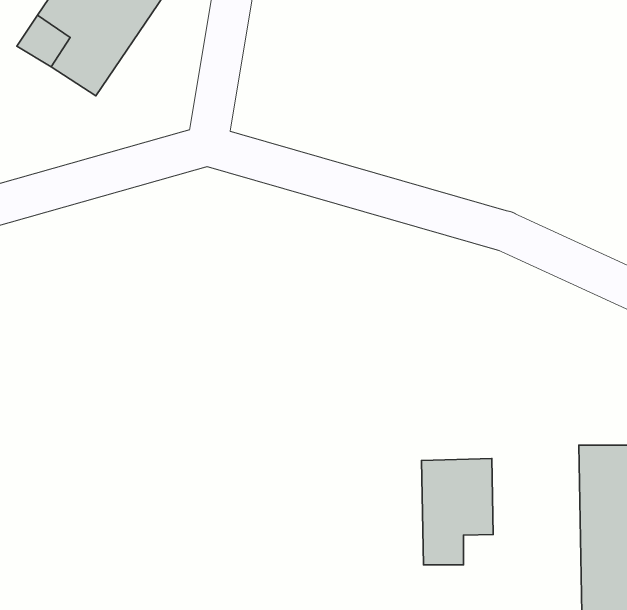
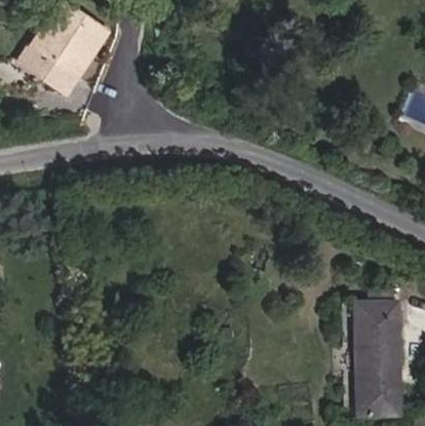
building: [422,459,493,565] -> none

